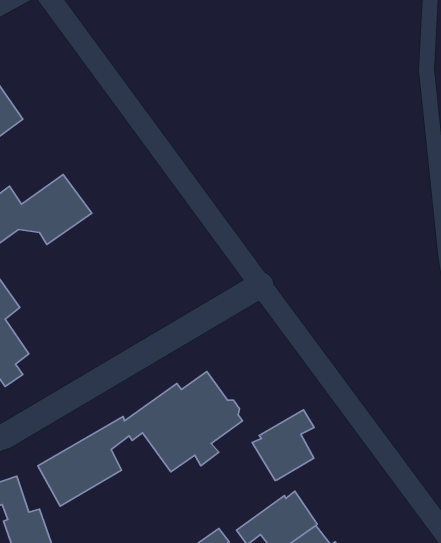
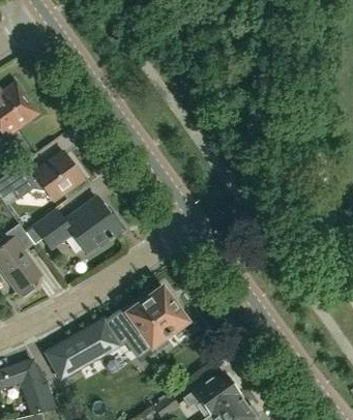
building: none -> [34,197,122,250]
building: [252,410,314,481] -> none

